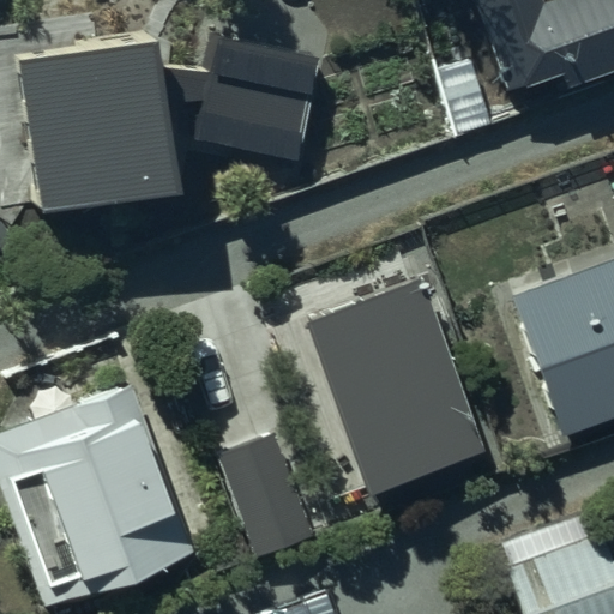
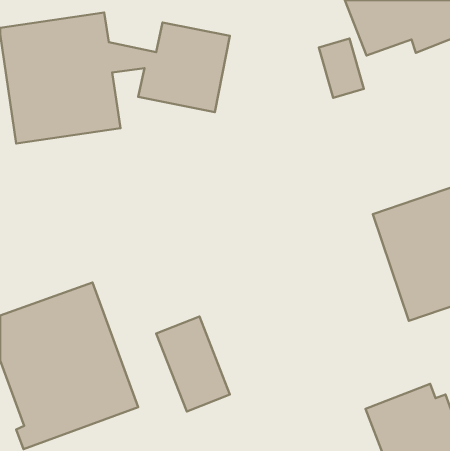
building: [299,279,483,495] -> none

